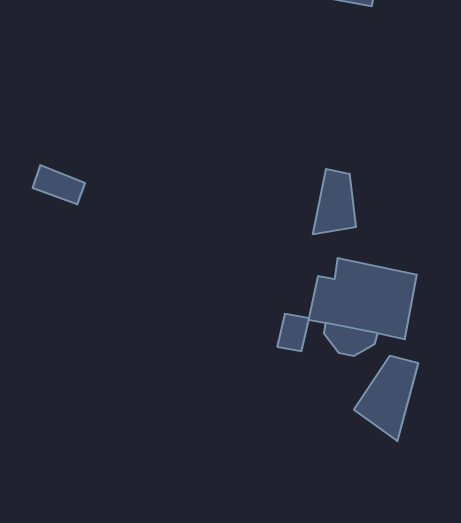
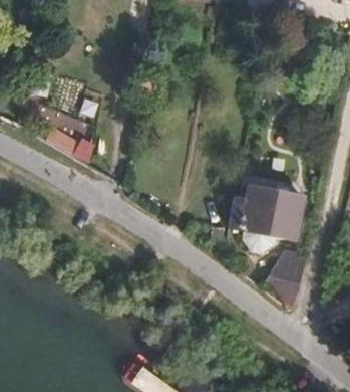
building: [313,169,356,234] -> none

